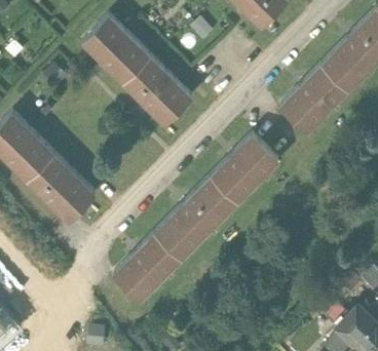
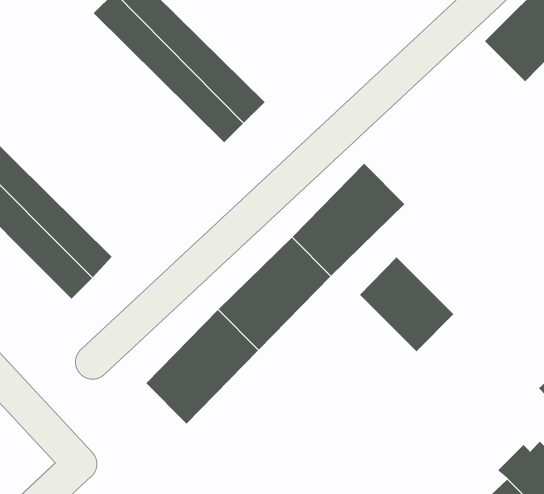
building: [280,61,351,132] -> none
building: none -> [359,257,454,352]

